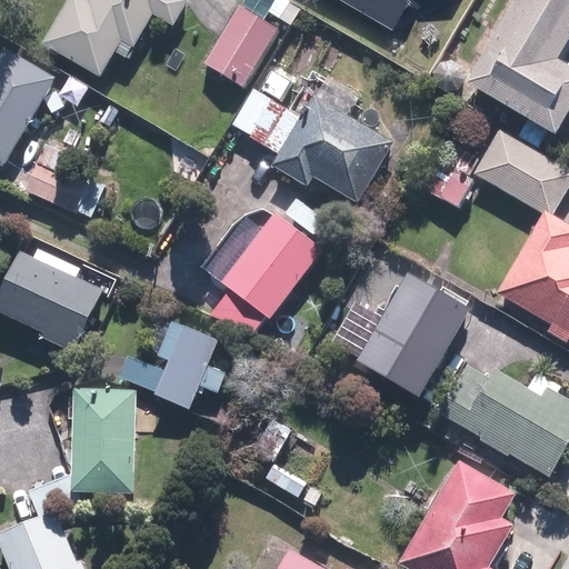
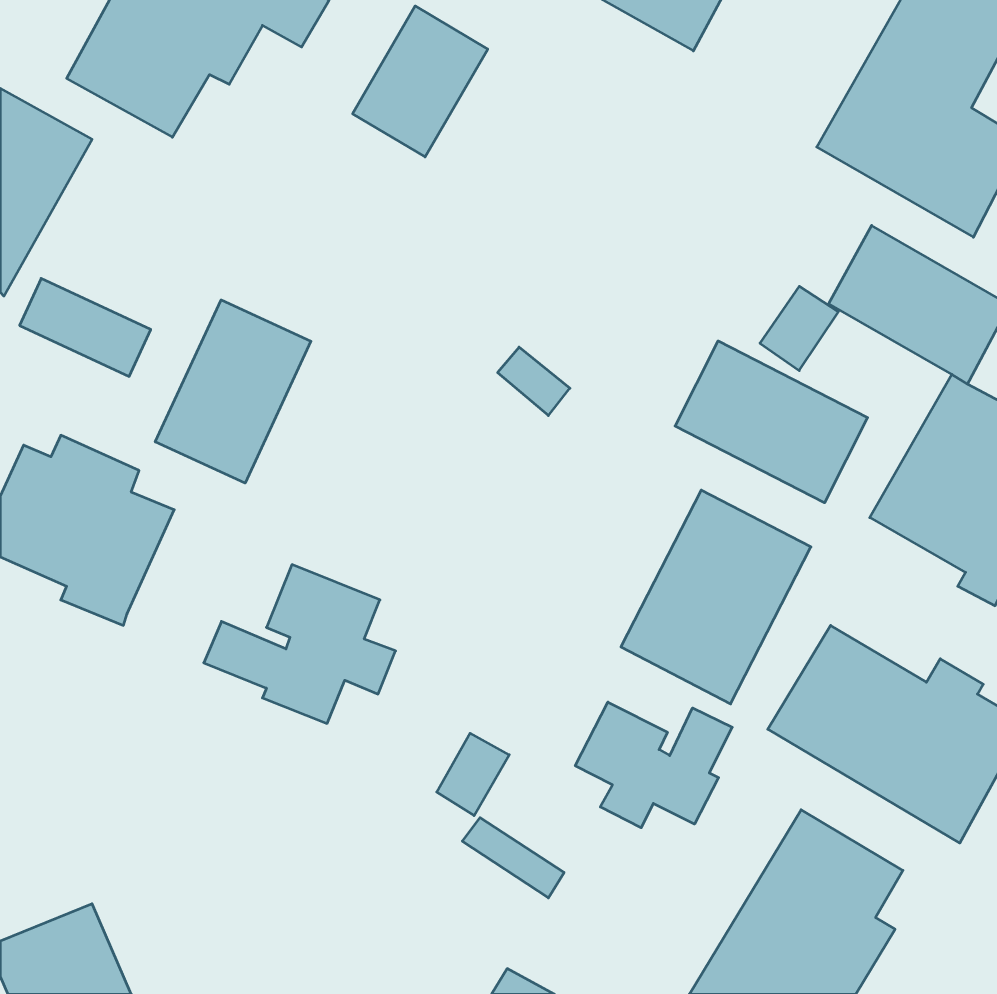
building: [231,77,391,202] -> none
building: none -> [155,300,311,483]
building: none -> [675,341,868,503]
building: [210,214,322,339] -> none
building: [71,387,136,492] -> none
building: none -> [575,702,732,828]

